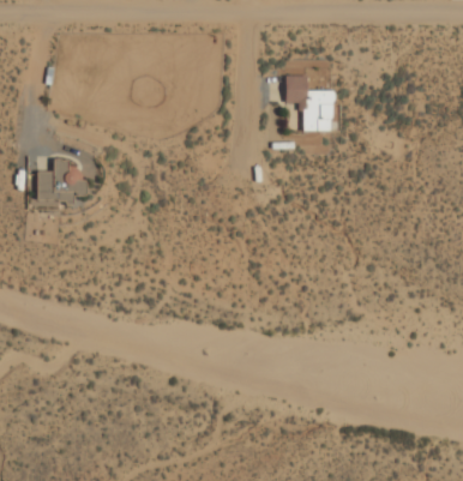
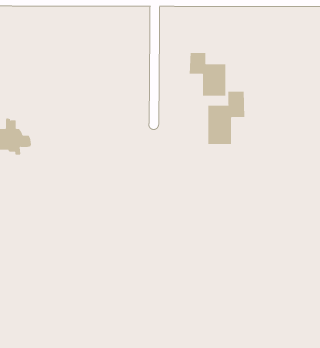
building: none -> [208,91,245,145]

